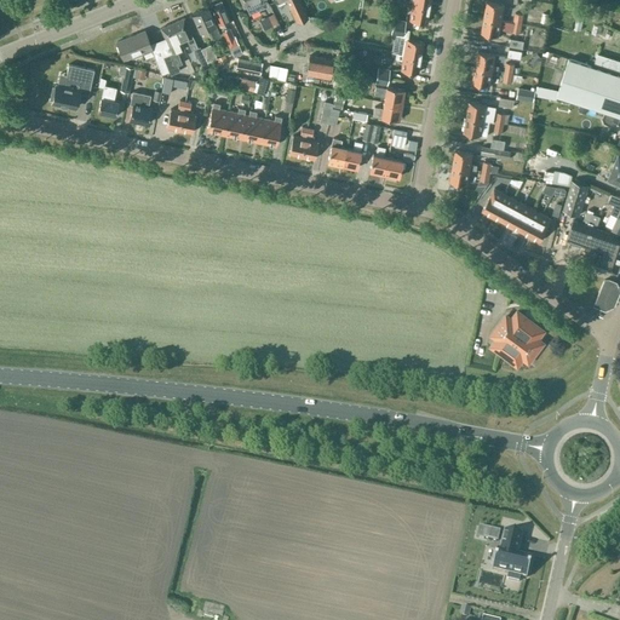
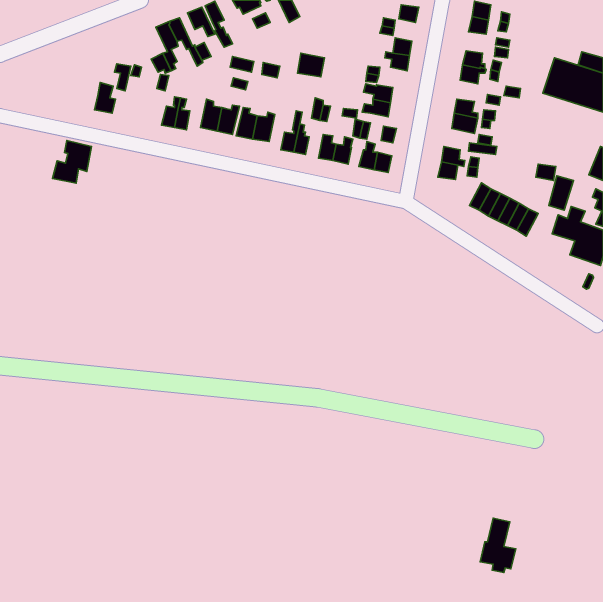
building: [116,31,151,61] -> none
building: [53,65,93,109] -> [53,141,91,183]
building: [130,92,151,125] -> none
building: [490,312,544,368] -> none

